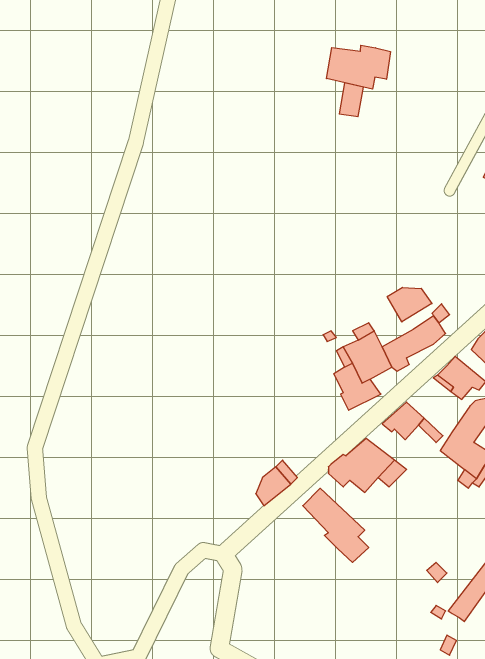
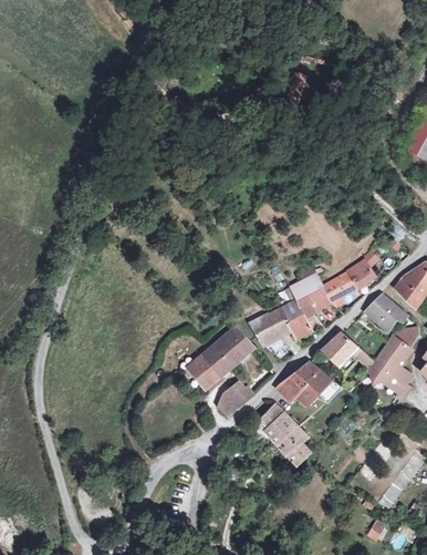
building: [326,45,390,89] -> none
building: [387,287,432,322] -> none
building: none -> [249,308,292,360]
building: none -> [187,328,253,388]

